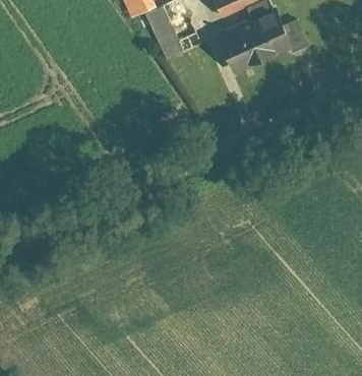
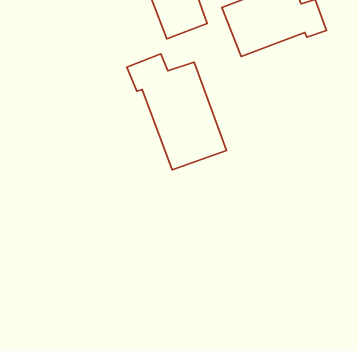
building: none -> [127,54,227,170]

